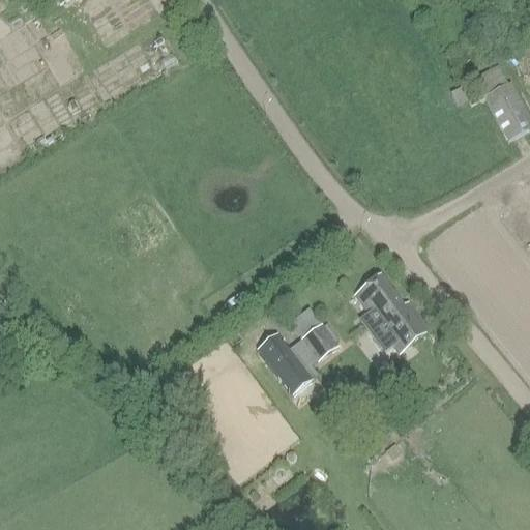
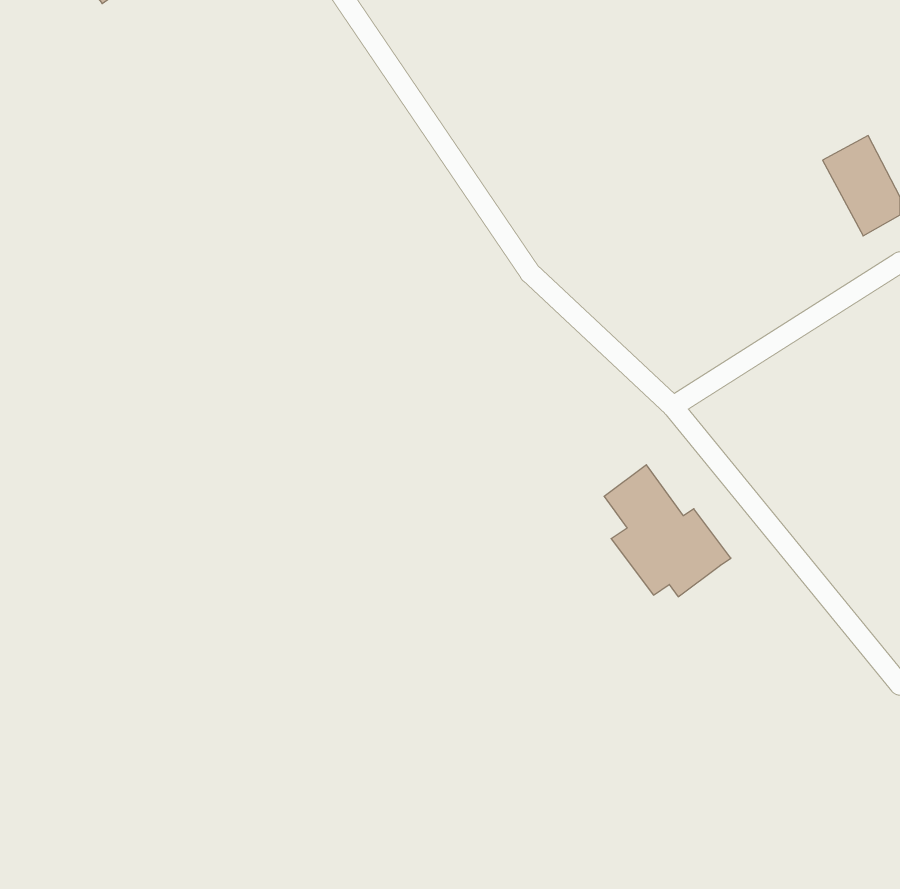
building: [293,321,338,364] -> none
building: [259,334,311,392] -> none

